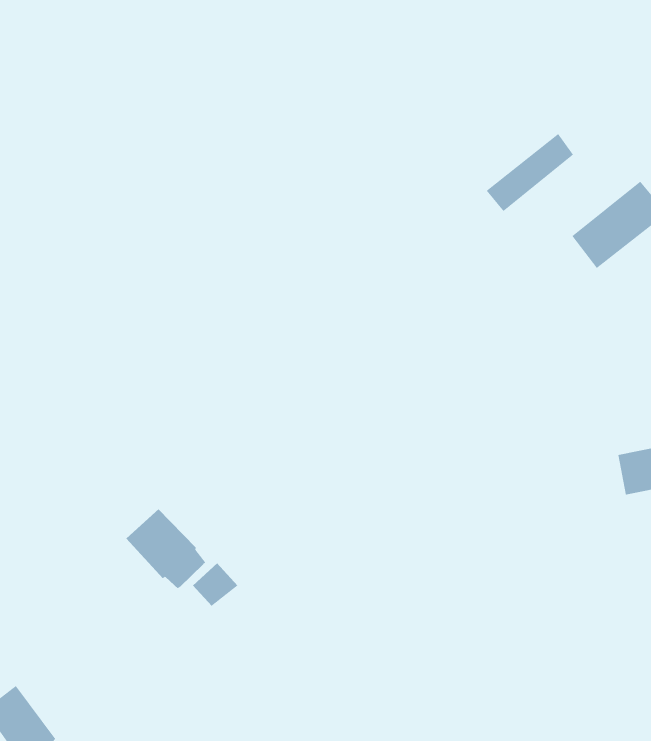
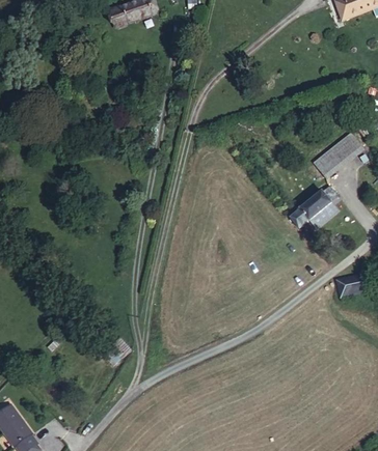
building: [486,133,574,212] -> [289,185,336,227]
building: [126,509,206,589] -> none

